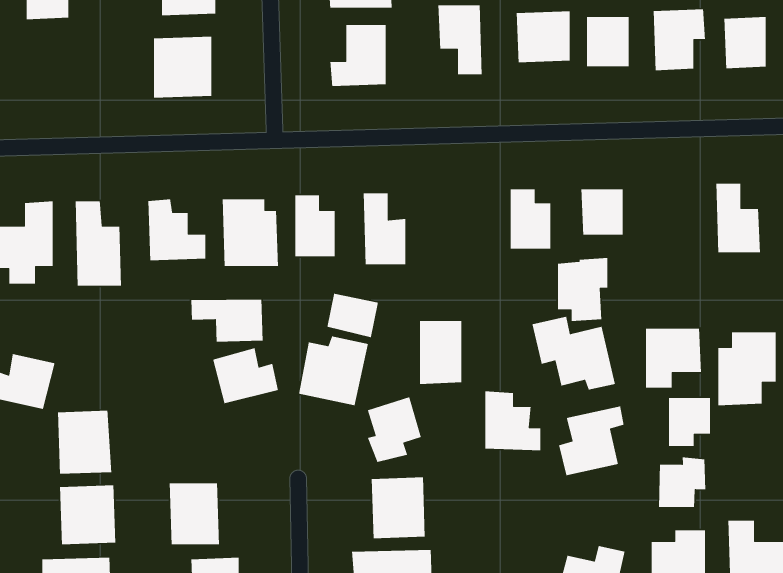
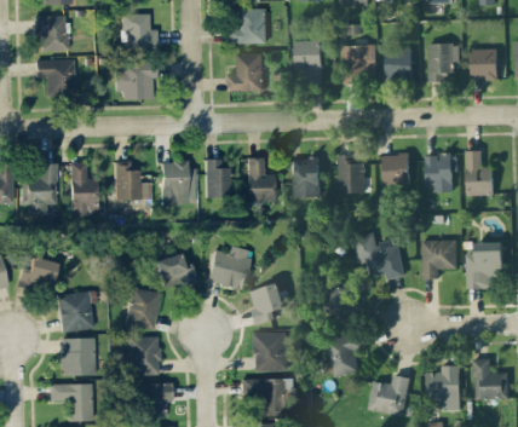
building: none -> [36,59,75,96]
building: [557,257,608,322] -> [426,152,457,192]
building: [326,293,379,338] -> none
building: [191,299,263,342] -> none
building: [419,320,462,385] -> [293,158,320,198]
building: [668,397,711,447] -> none
building: none -> [126,288,161,329]
building: [558,406,625,476] -> [321,334,362,377]
building: [658,456,706,508] -> none

